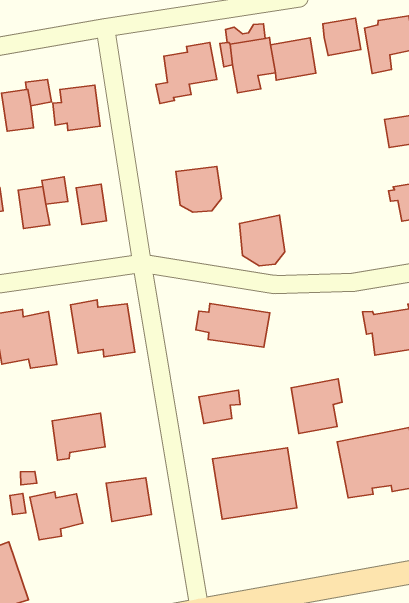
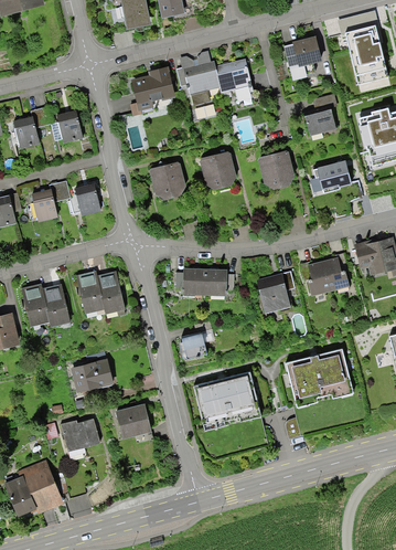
building: [323,18,361,55] -> none
building: none -> [256,148,296,188]
building: [240,215,285,266] -> [199,150,235,190]
building: [291,379,342,433] -> [254,269,293,314]

